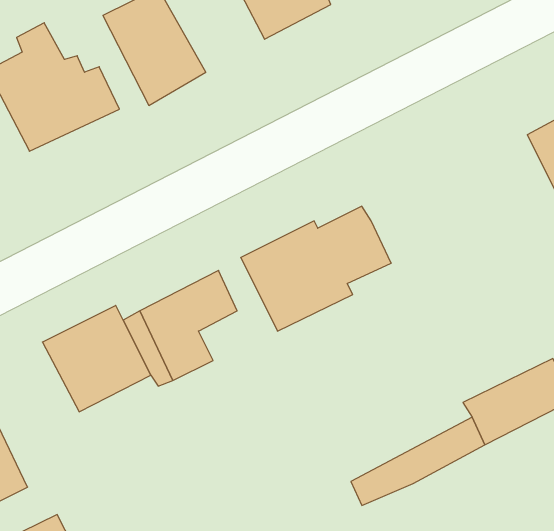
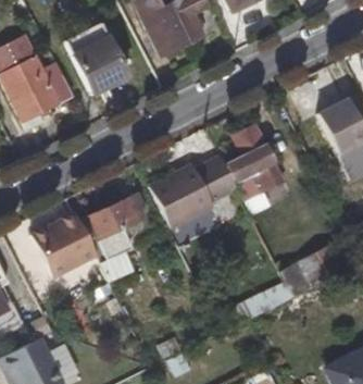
building: none -> [225,123,285,201]

